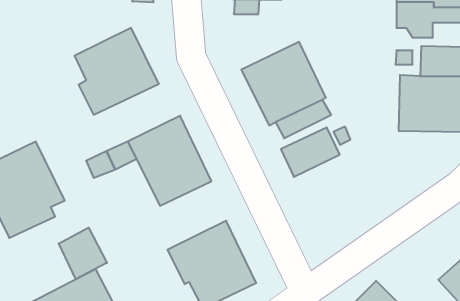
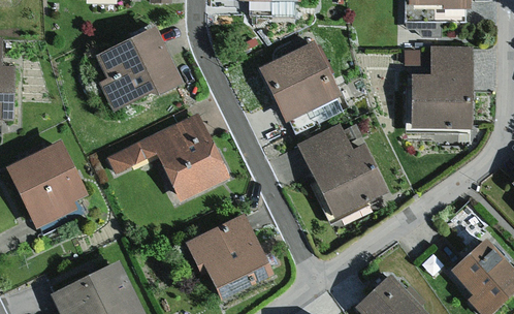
building: none -> [309,144,388,217]
building: [59,228,107,279] -> none

